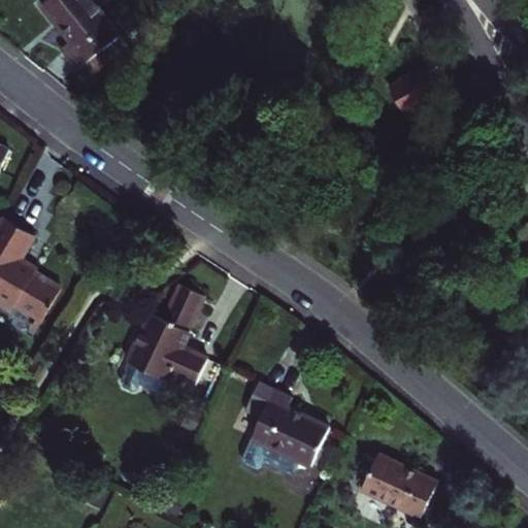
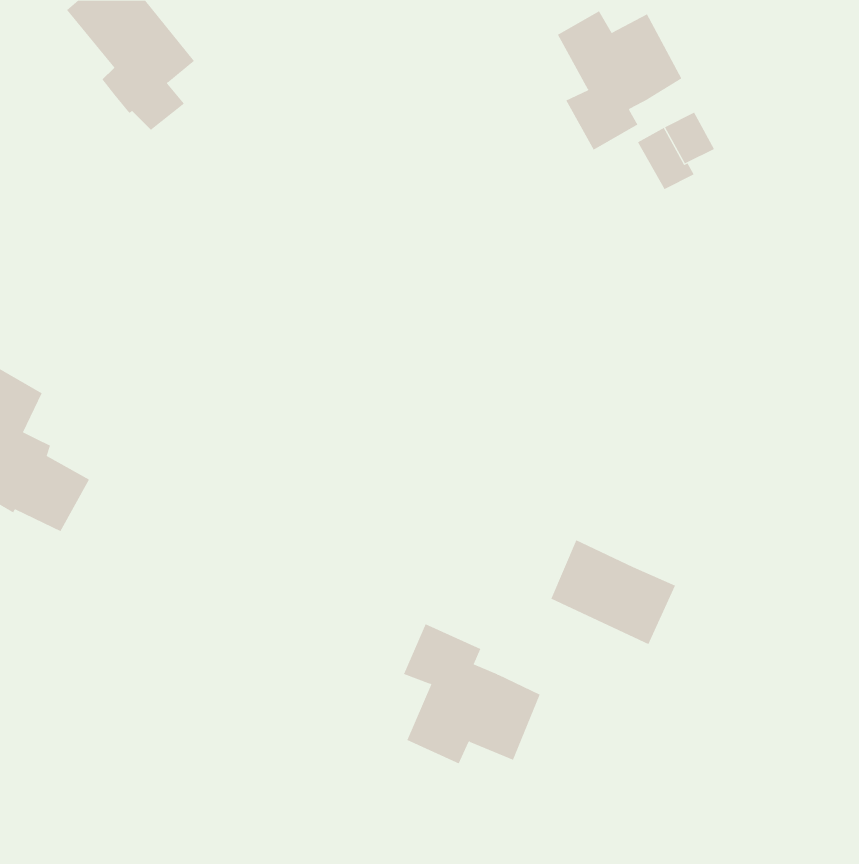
building: none -> [557,10,682,150]
building: [128,286,207,386] -> none
building: [362,449,438,513] -> [550,540,676,645]

